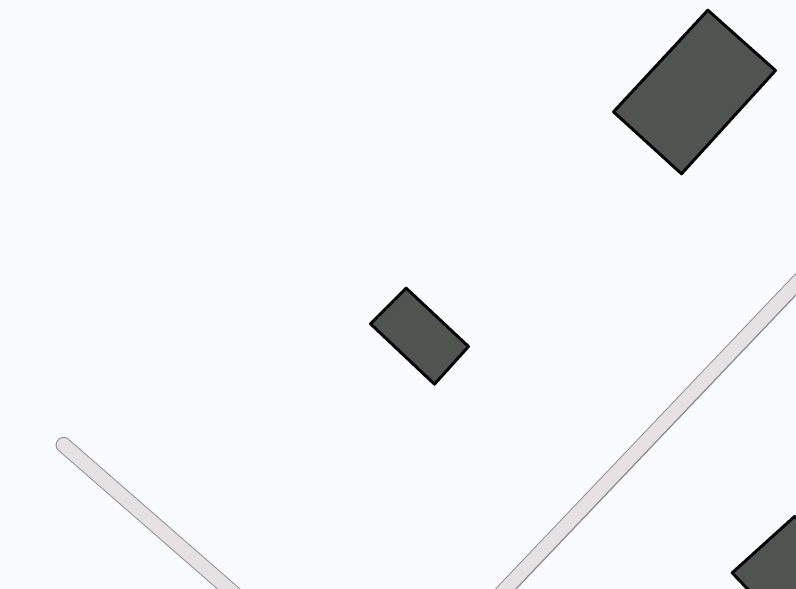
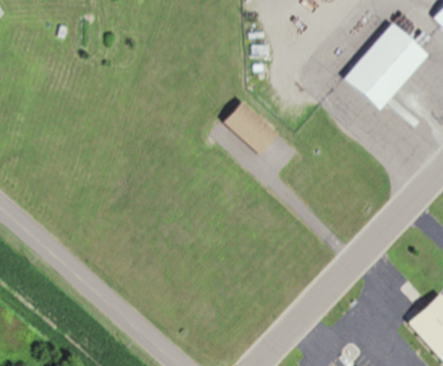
building: [371,288,468,384] -> [224,102,276,153]

